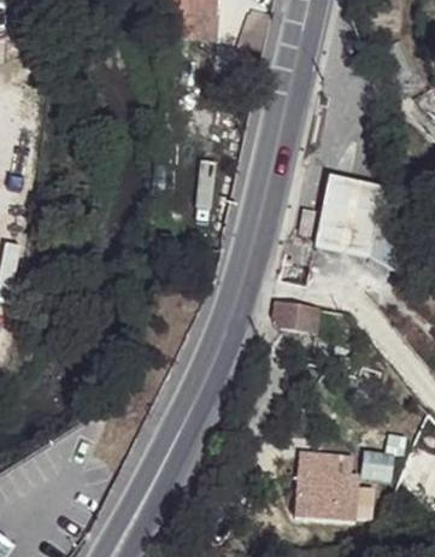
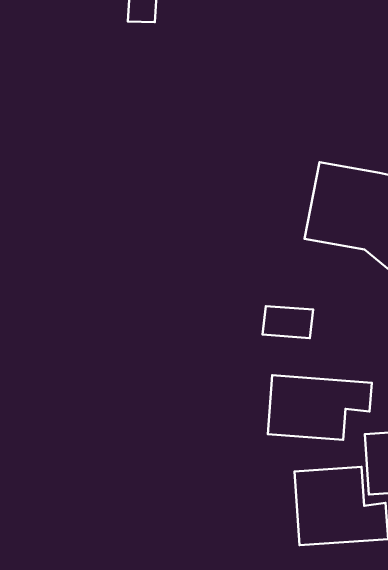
building: none -> [268,375,372,440]

